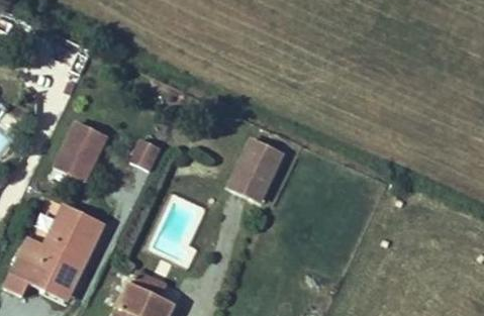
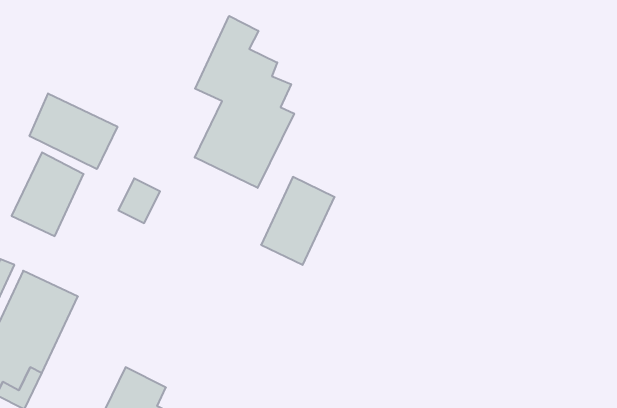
building: none -> [195,16,294,188]
building: none -> [30,93,117,169]

